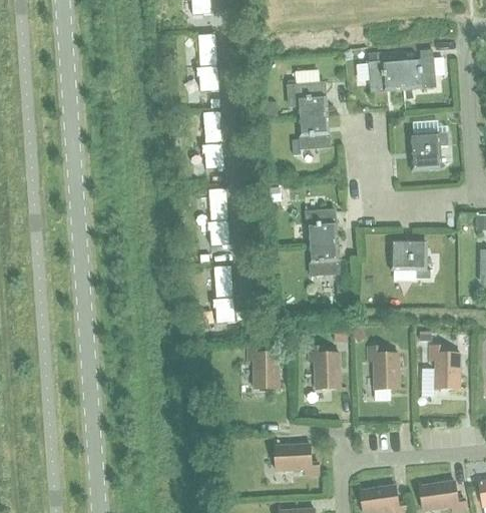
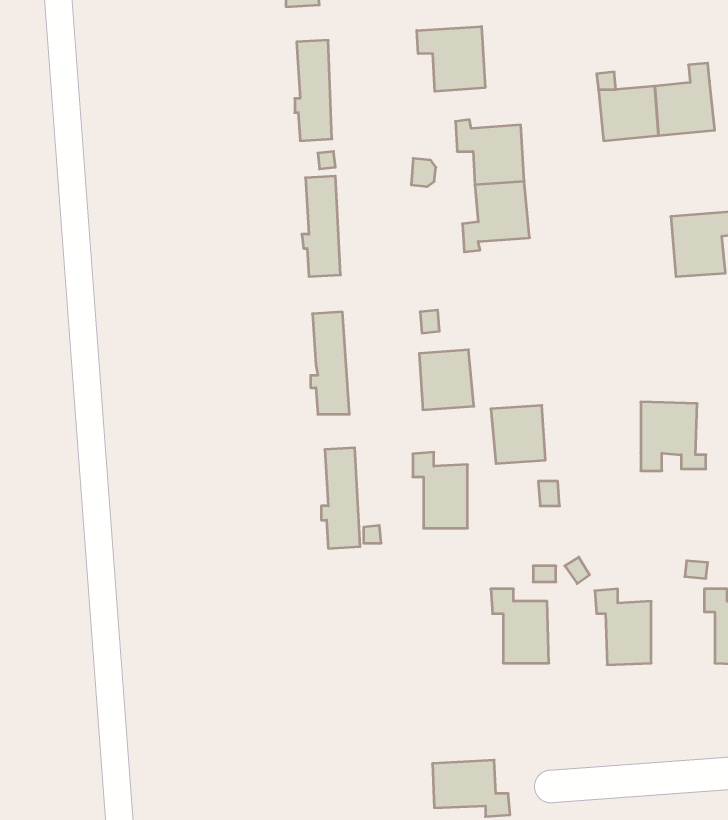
building: none -> [417,26,485,91]
building: [306,209,337,243] -> [419,350,474,410]
building: [248,345,279,388] -> [413,452,468,528]

